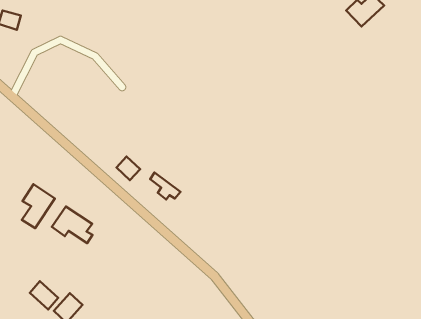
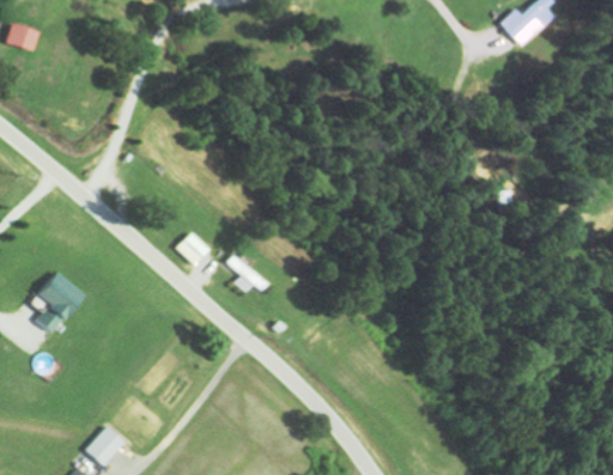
building: [52,207,92,243] -> none
building: [30,281,58,309] -> none

